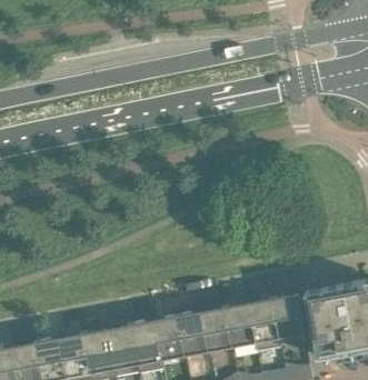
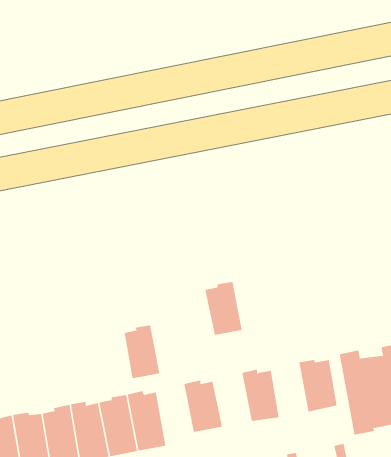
building: [245,300,275,346] -> none
building: [197,309,228,353] -> [205,282,242,336]
building: [150,318,180,362] -> [124,325,160,379]

